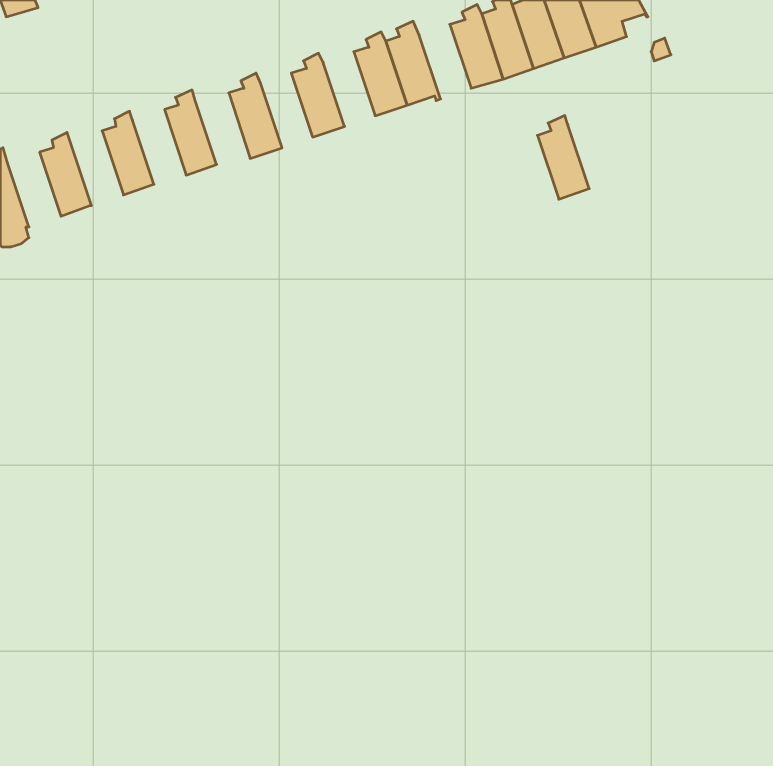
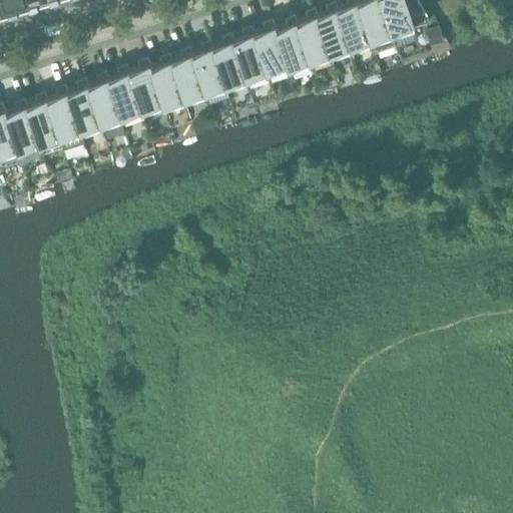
building: none -> [216,36,250,91]
building: none -> [175,49,209,105]
building: none -> [132,60,168,116]
building: none -> [91,74,126,129]
building: [537,116,589,199] -> [280,18,314,73]
building: none -> [50,88,89,155]
building: none -> [9,101,44,157]

